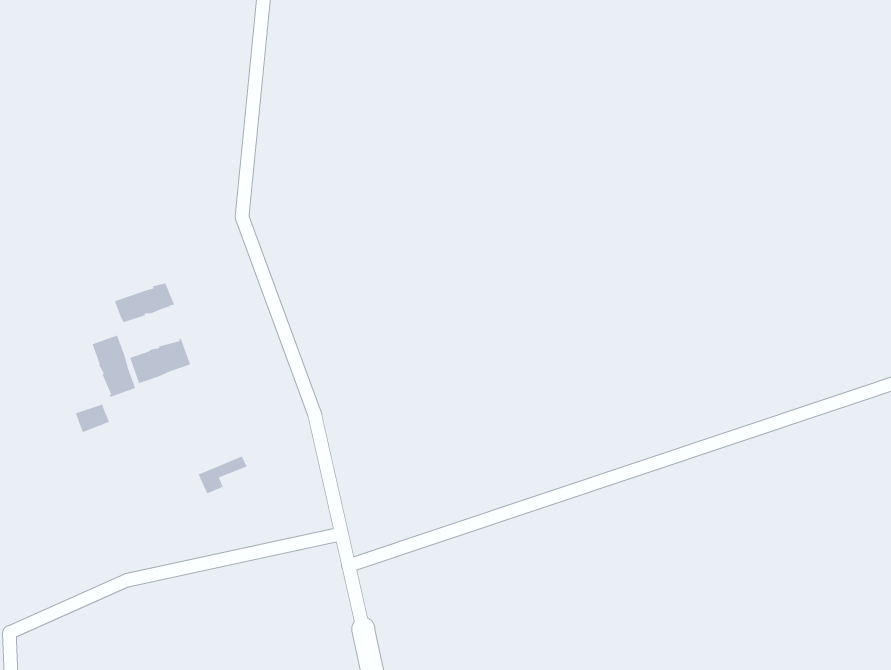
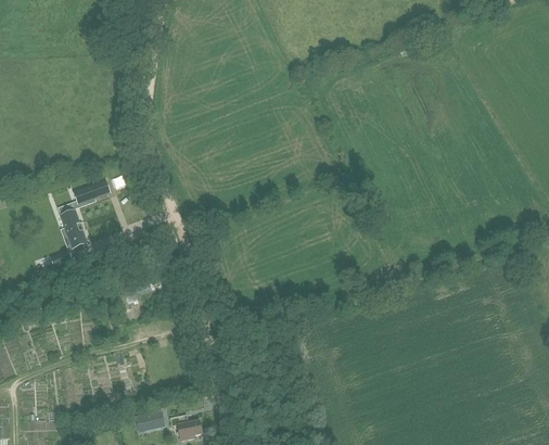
building: [129,338,191,384] -> none

